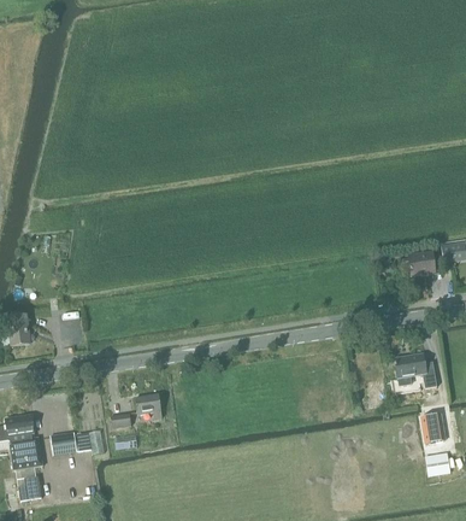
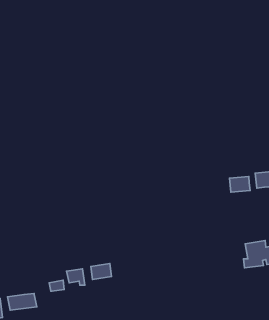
building: none -> [229,176,250,192]
building: none -> [91,264,112,280]

